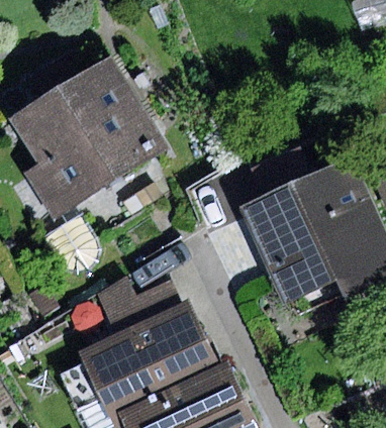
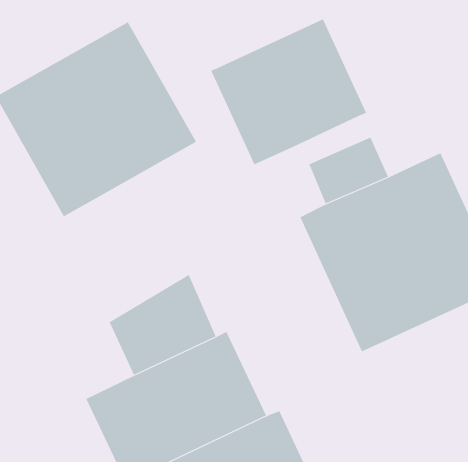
building: none -> [210,19,367,165]

